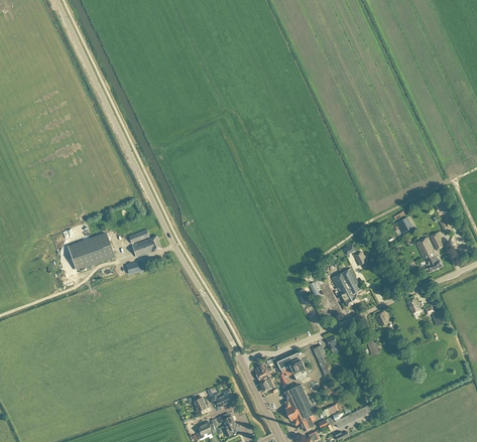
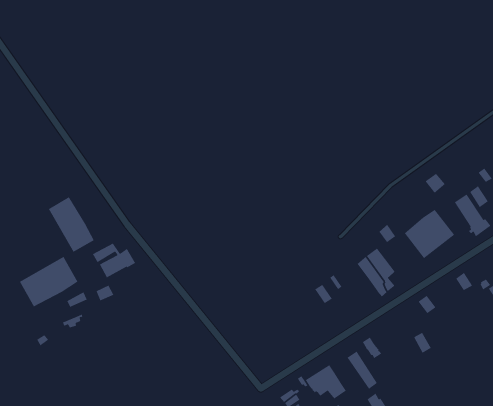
building: none -> [48,196,95,253]
building: none -> [404,209,455,259]

